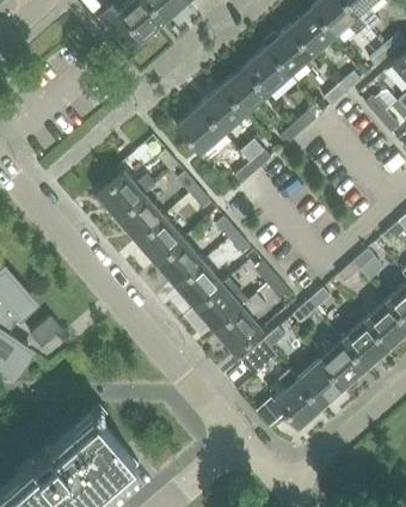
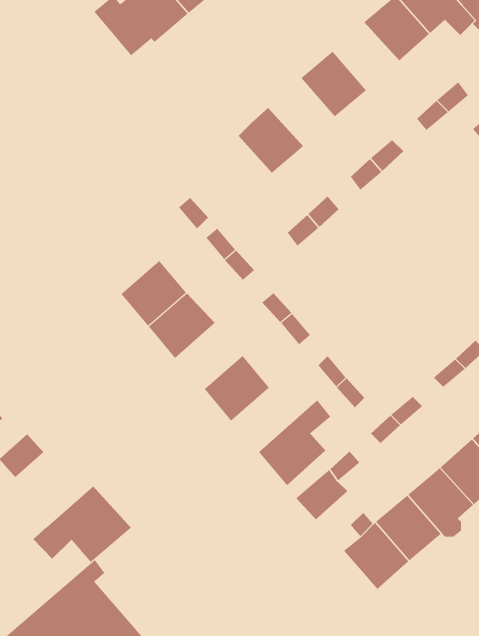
building: [266,28,313,75] -> none
building: [221,67,267,115] -> none
building: [177,108,223,154] -> none
building: [97,172,154,219] -> none
building: [155,239,203,286] -> none
building: [195,280,246,330] -> none
building: none -> [33,485,132,563]

